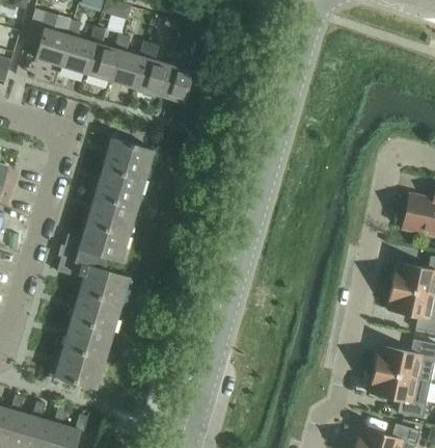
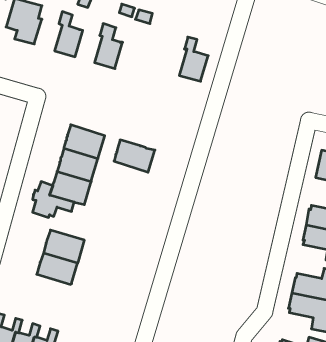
building: [59,19,93,74] -> none
building: [109,33,142,88] -> none
building: [158,49,193,103] -> [179,37,208,81]
building: [104,138,154,178] -> [114,140,155,172]
building: [79,265,129,306] -> none
building: [54,347,104,389] -> none

